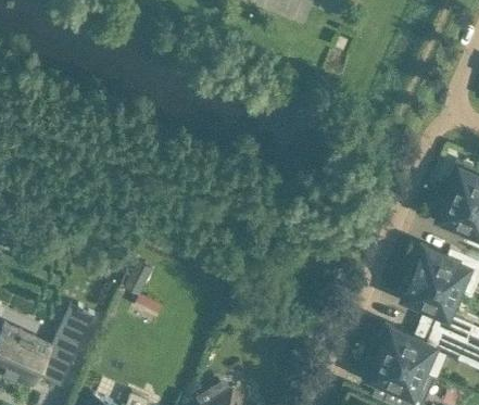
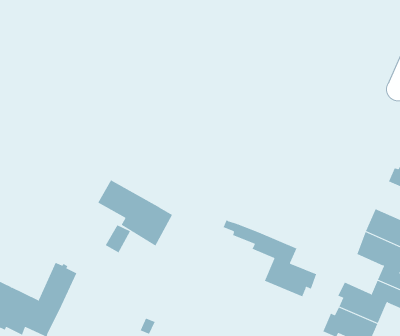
building: none -> [98,179,173,246]
building: none -> [223,219,317,297]

